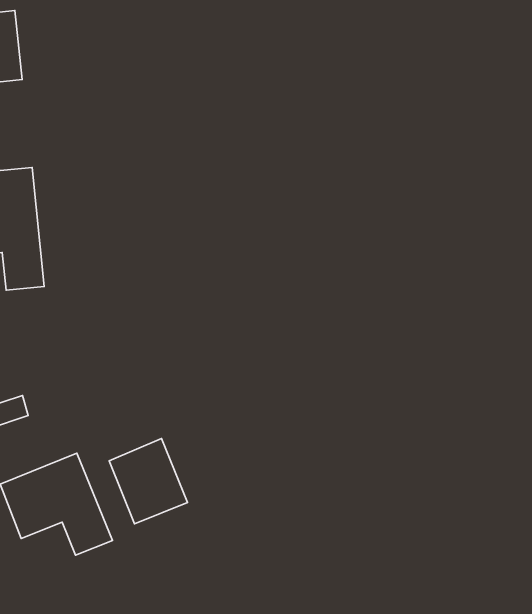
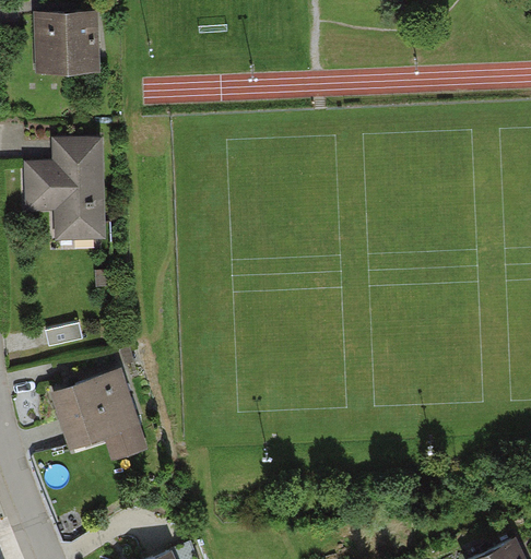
building: [109,438,187,524] -> none

